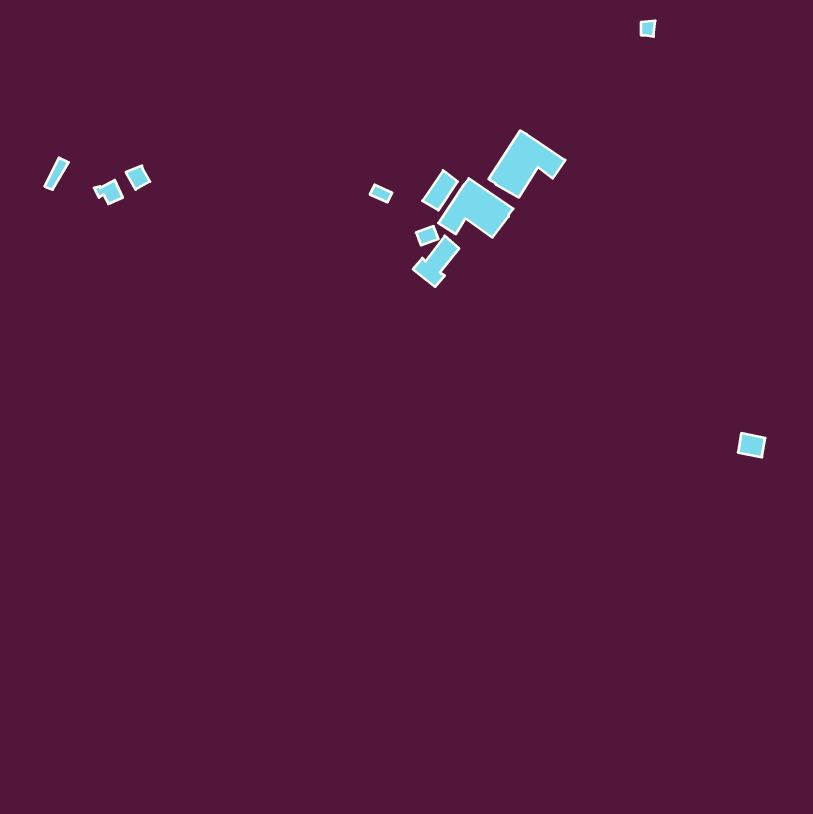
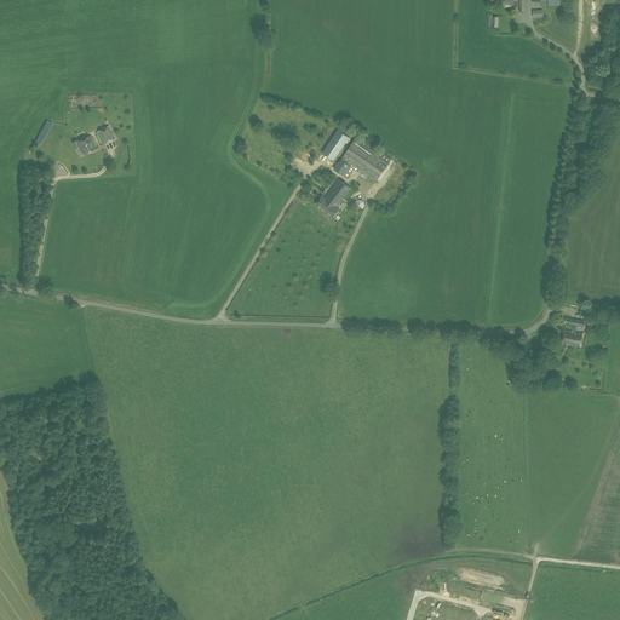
building: [489,131,565,197] -> none

